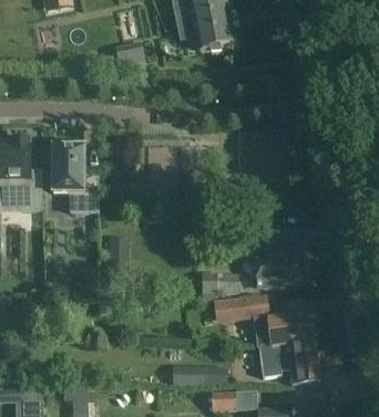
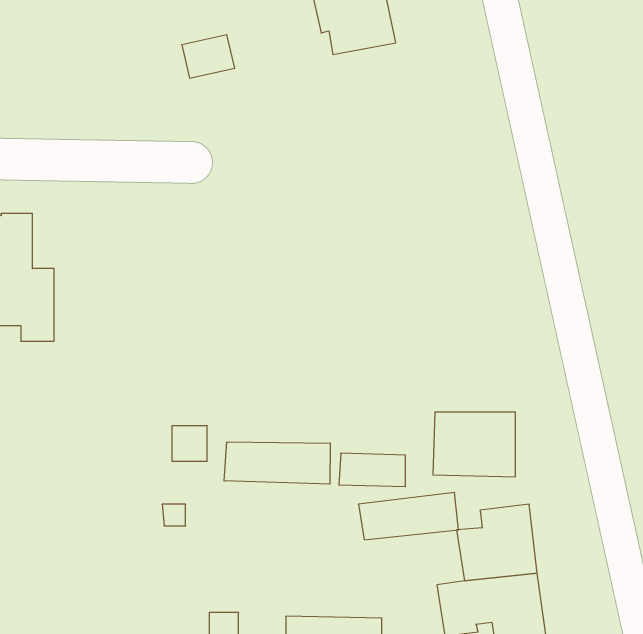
building: [51,144,98,212] -> none
building: none -> [224,442,330,484]

